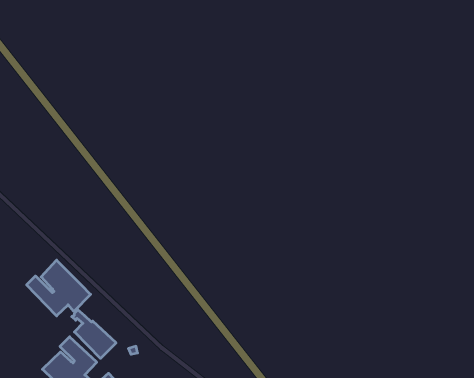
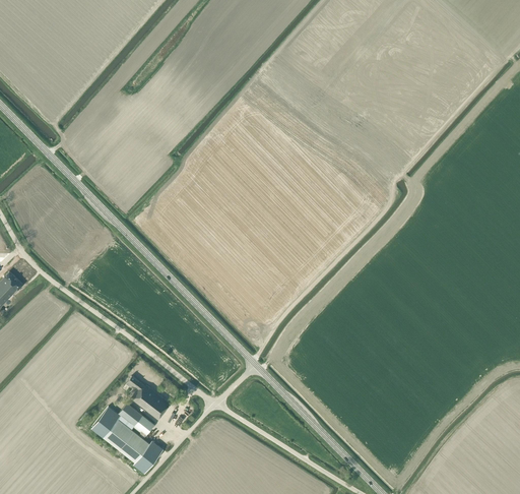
building: [27,260,91,316] -> none

